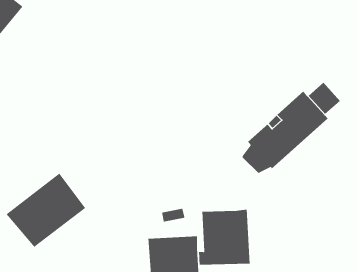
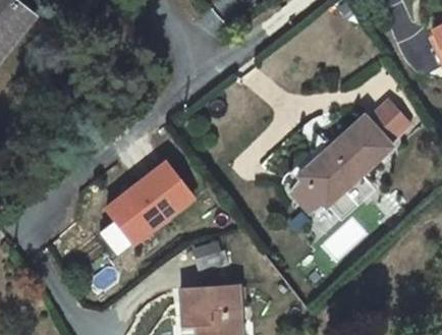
building: [6,172,86,248] -> [97,155,191,243]
building: [198,209,251,266] -> none

